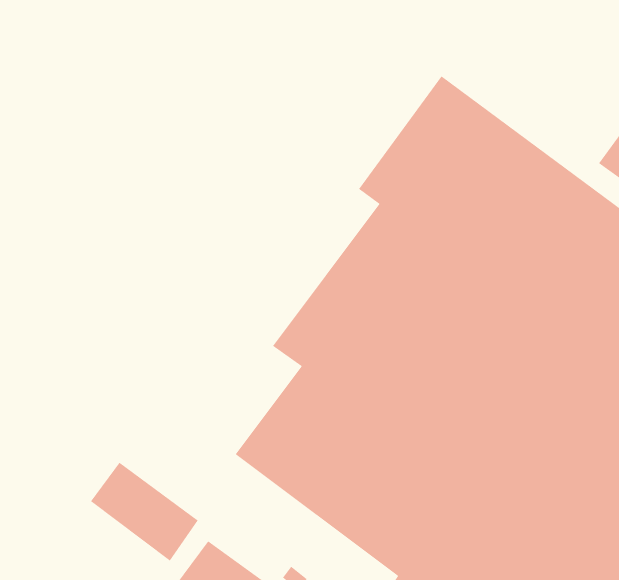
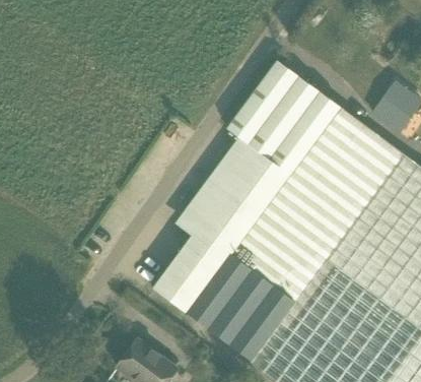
building: [90,462,198,562] -> none

